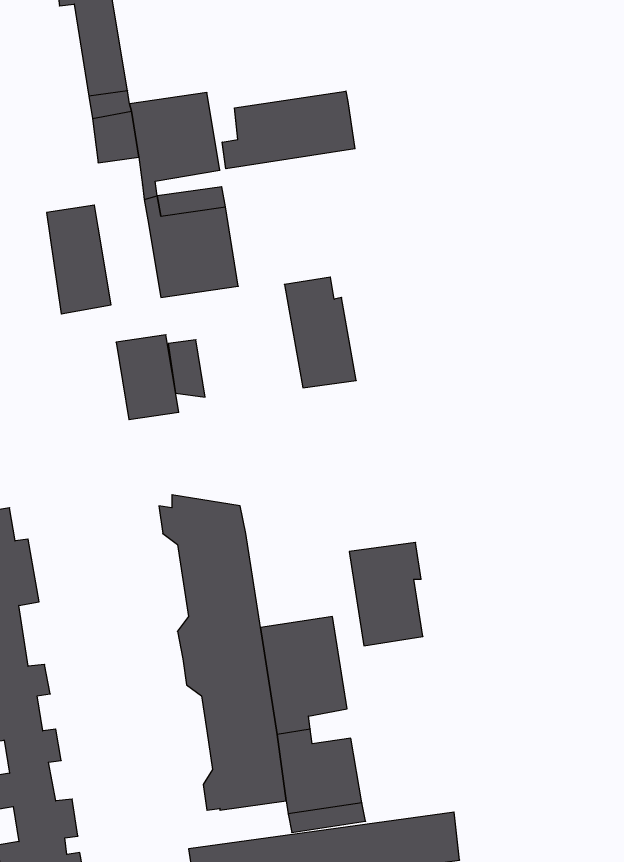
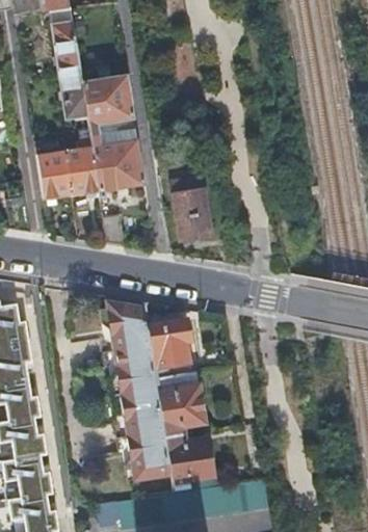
building: [222,91,355,169] -> none
building: [116,335,179,420] -> [65,148,101,195]
building: [349,542,423,646] -> [149,319,190,377]

